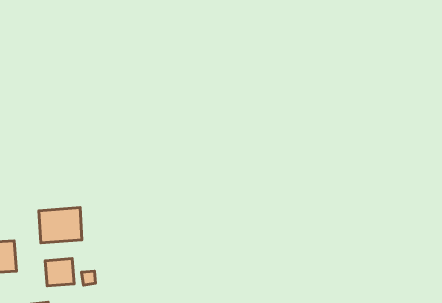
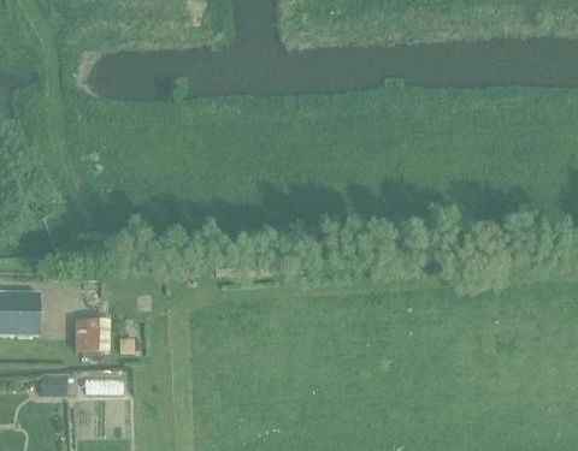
building: [39,207,82,243] -> none

